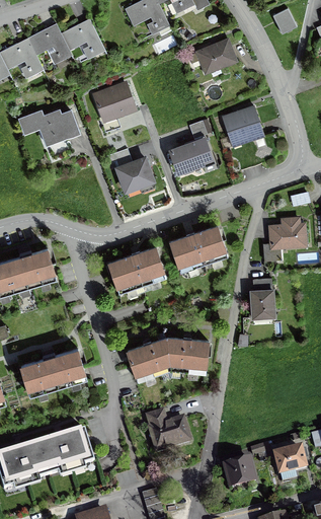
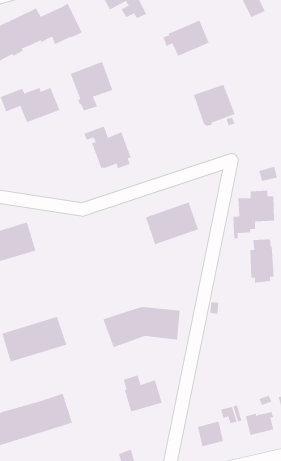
building: [167,118,215,174] -> none
building: [108,246,166,293] -> none
building: [249,277,275,323] -> [250,239,275,283]

